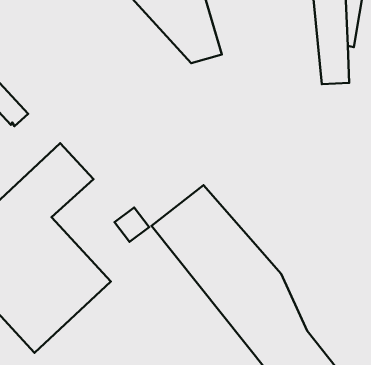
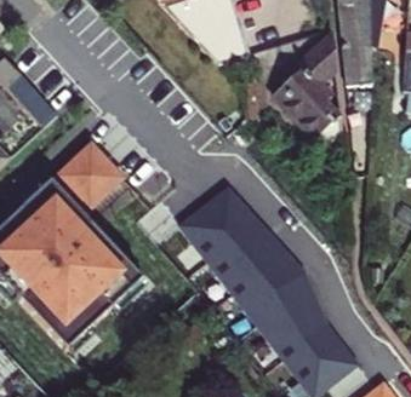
building: none -> [273,34,342,151]

